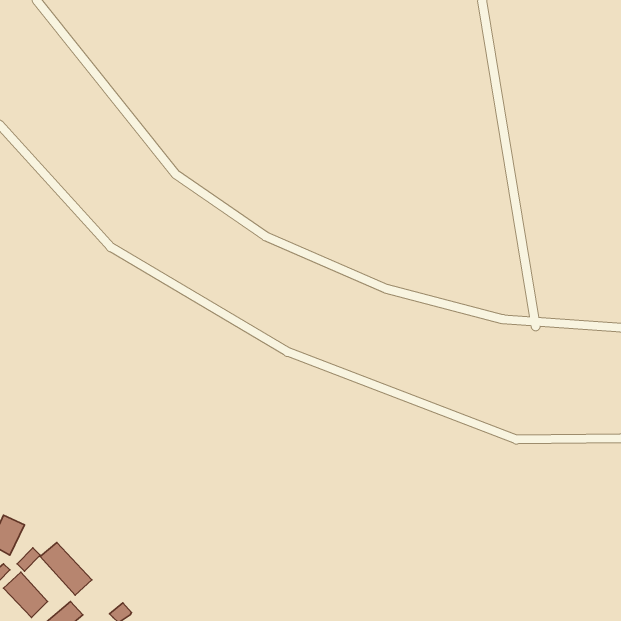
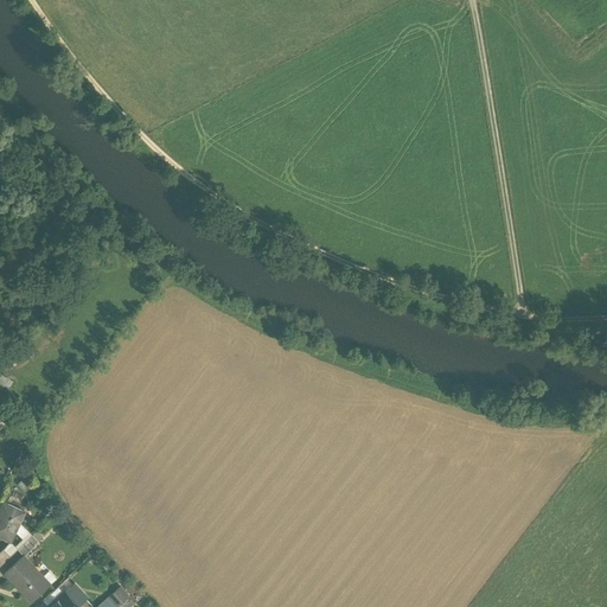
building: [40,543,92,595] -> none

